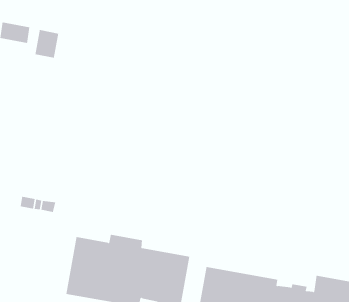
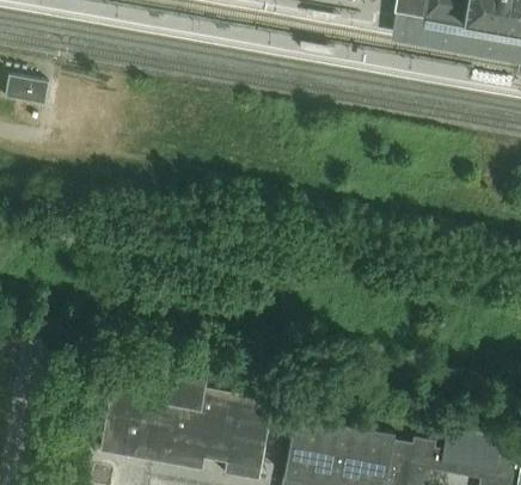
building: [35,29,59,59] -> none

